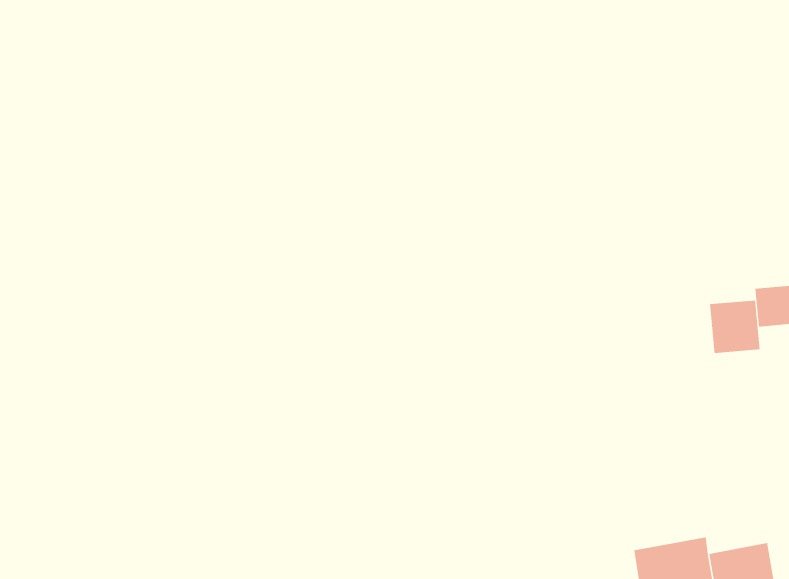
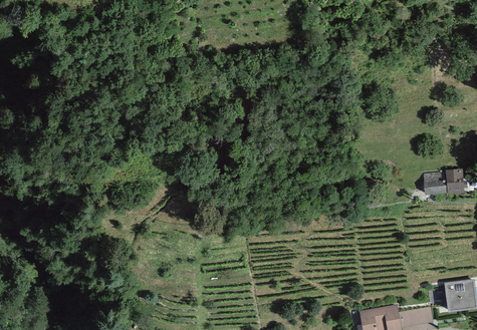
building: [710,300,760,354] -> none

